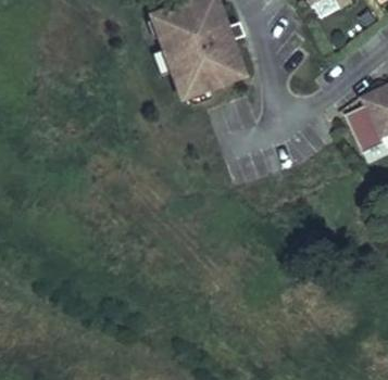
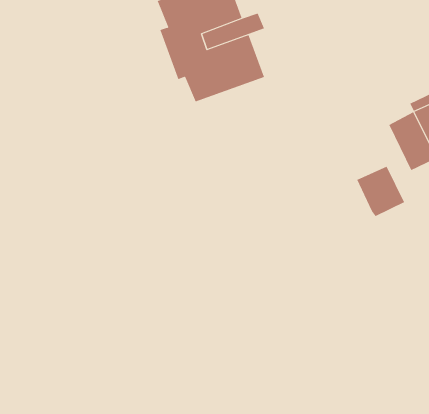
building: none -> [357,166,405,217]

